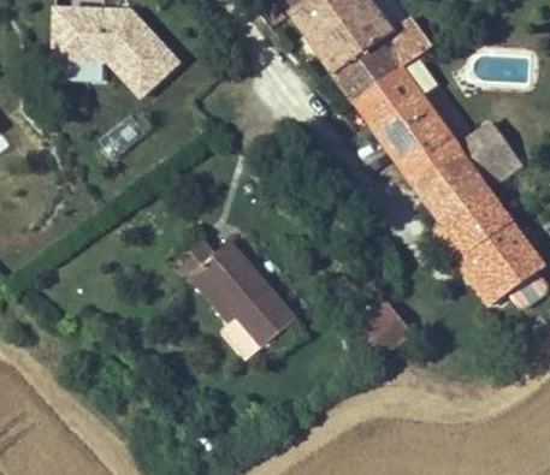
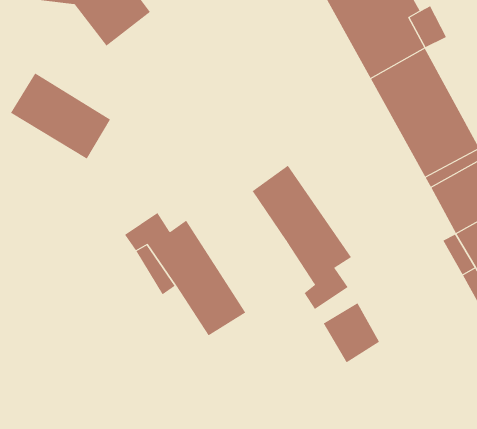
building: none -> [10,73,111,160]
building: none -> [252,165,352,310]

